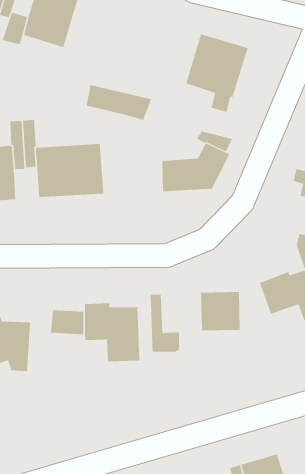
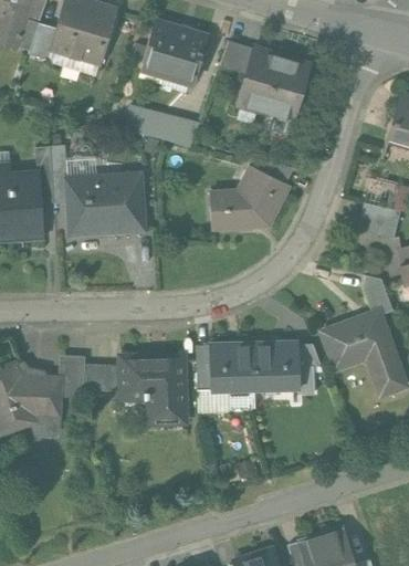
building: none -> [143,21,209,78]
building: none -> [220,41,255,75]
building: none -> [211,344,256,409]
building: none -> [300,345,324,392]
building: none -> [61,356,86,398]

